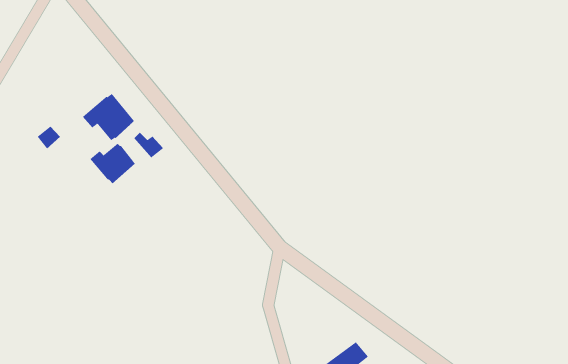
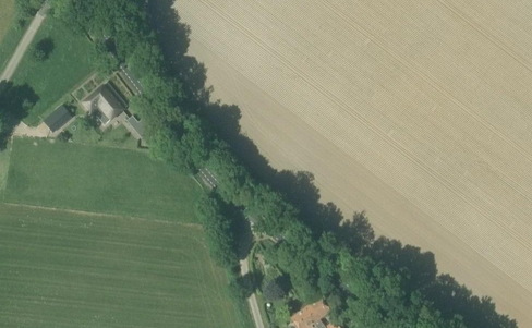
building: [89,143,136,184] -> none

